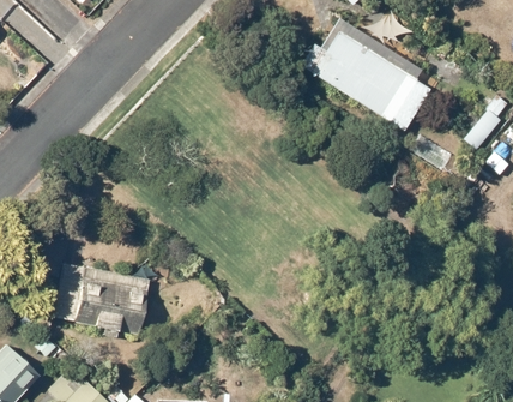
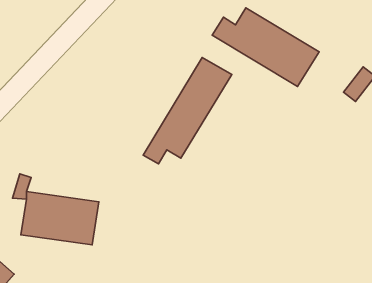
building: none -> [143,57,232,164]

